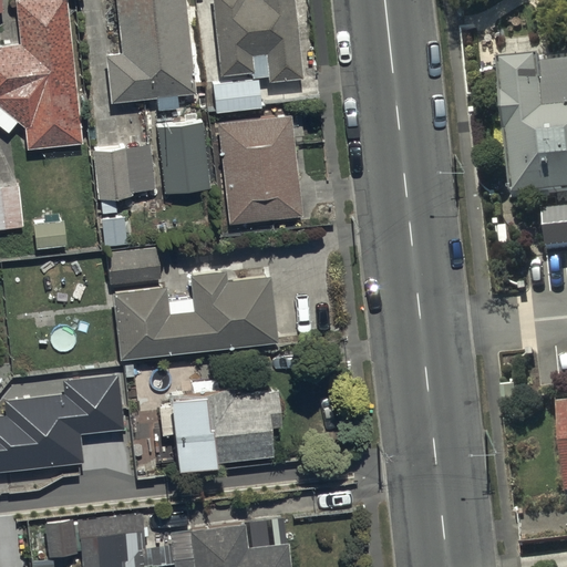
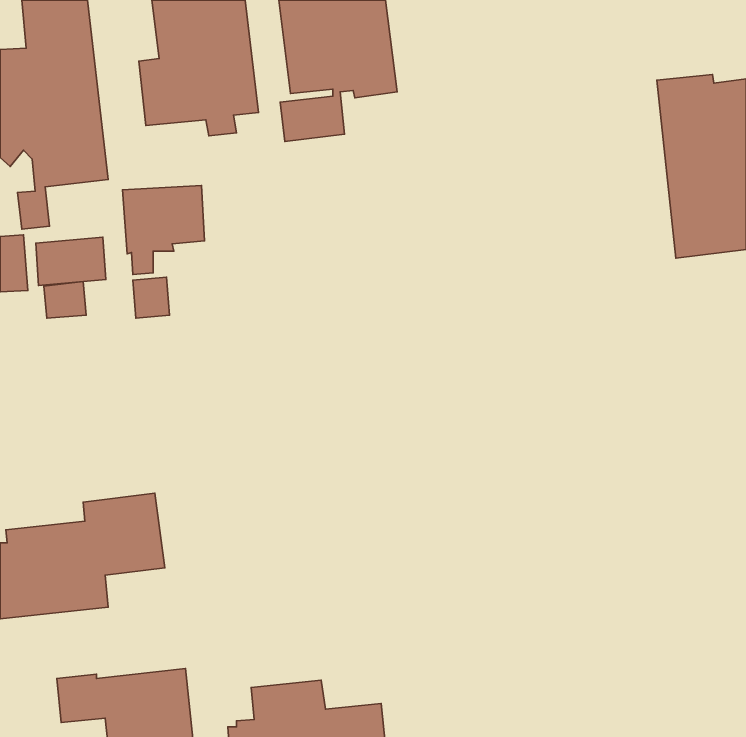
building: [216,114,301,224] -> none
building: [156,121,210,195] -> none
building: [106,247,159,284] -> [36,237,106,285]
building: [111,269,276,358] -> none
building: [158,384,281,461] -> none

